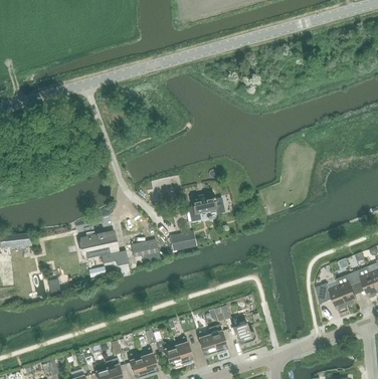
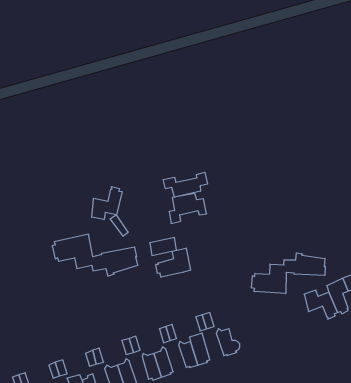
building: none -> [163,172,207,197]
building: none -> [92,187,122,220]
building: none -> [156,248,190,277]
building: none -> [252,253,325,294]

